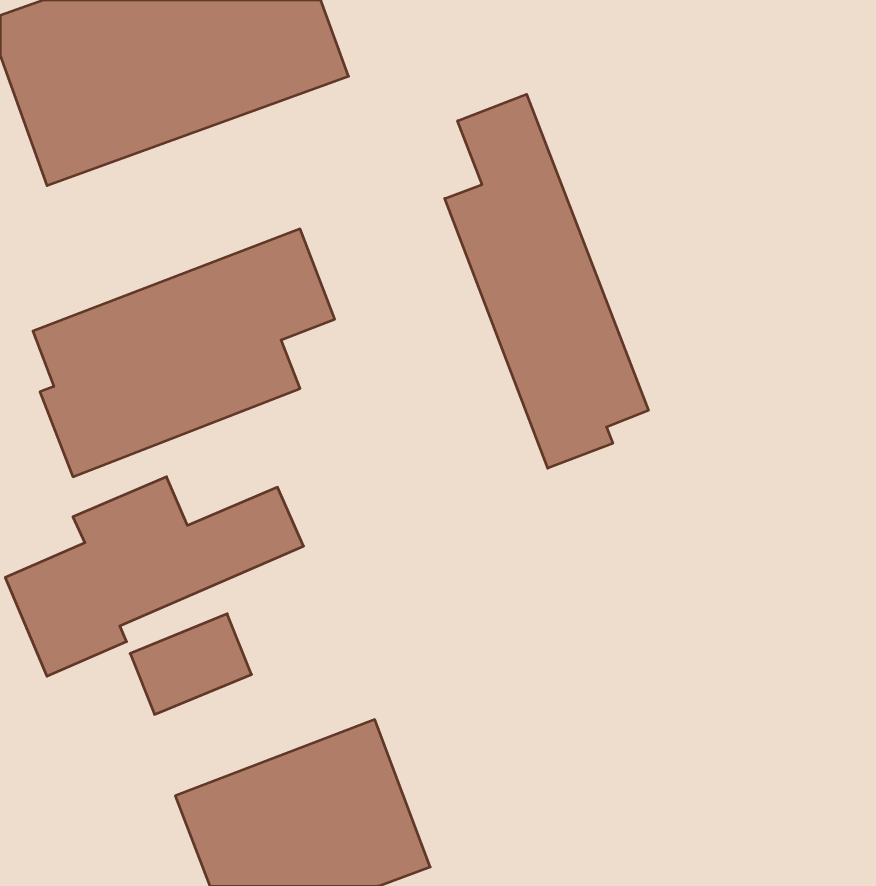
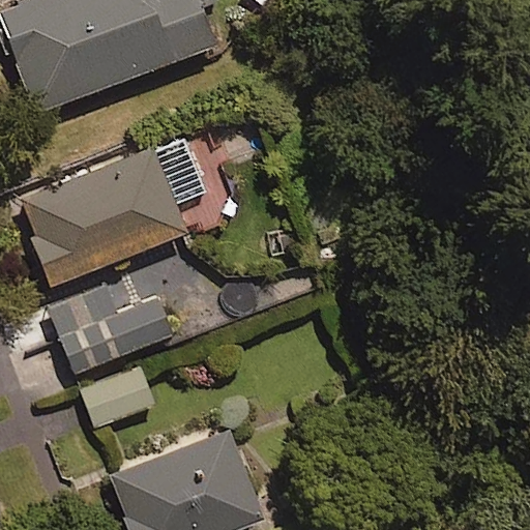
building: [445,94,648,468] -> none

